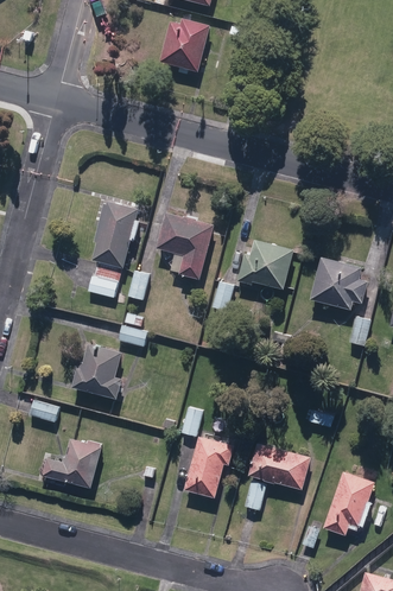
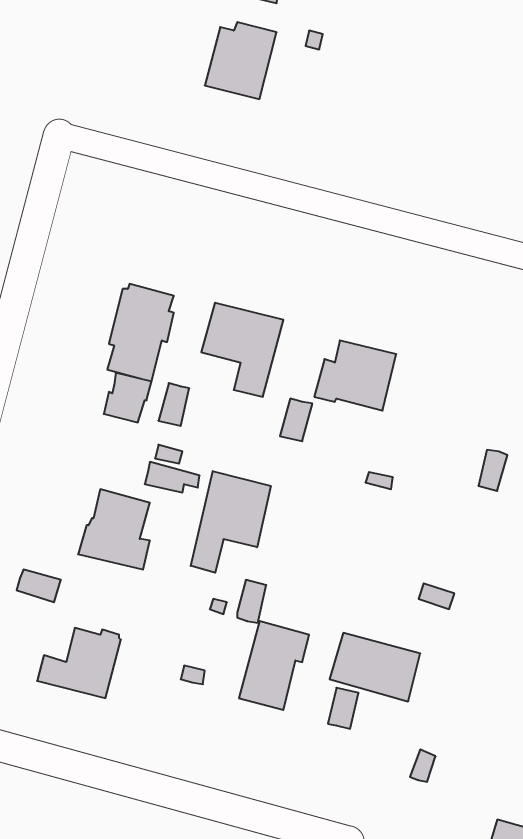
building: [309,256,366,310] -> none
building: none -> [191,471,271,573]
building: [322,469,374,534] -> none

